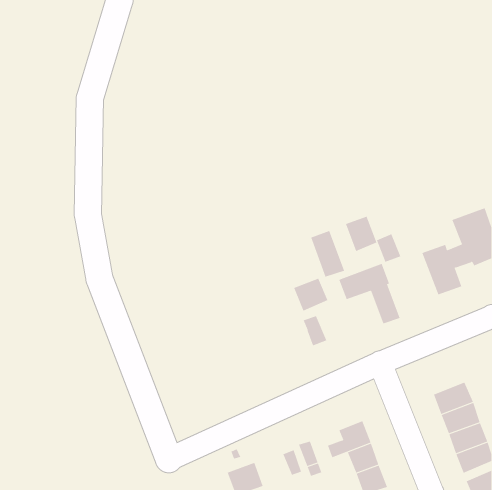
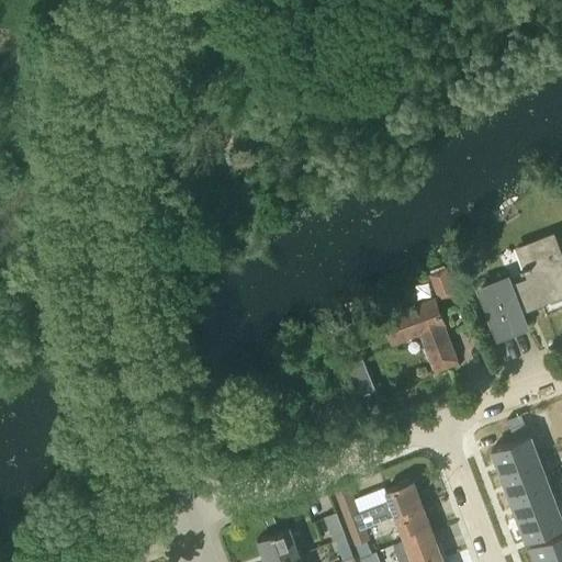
building: [339,206,377,252] -> none
building: [311,230,345,277] -> none
building: [287,272,328,312] -> none

